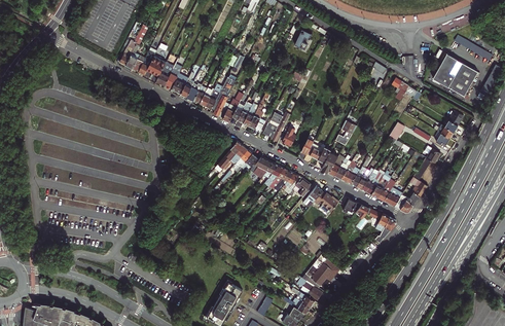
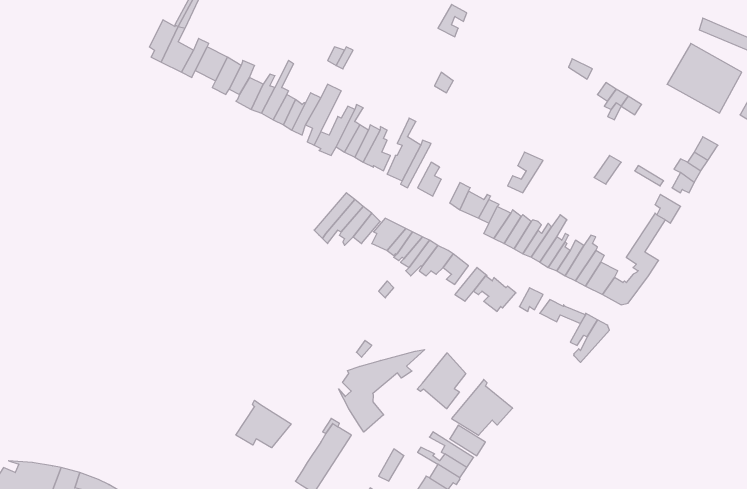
building: none -> [339,350,425,432]
building: none -> [417,353,466,409]
building: none -> [236,400,291,448]

